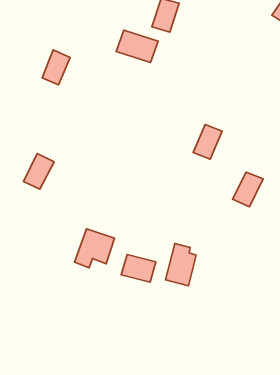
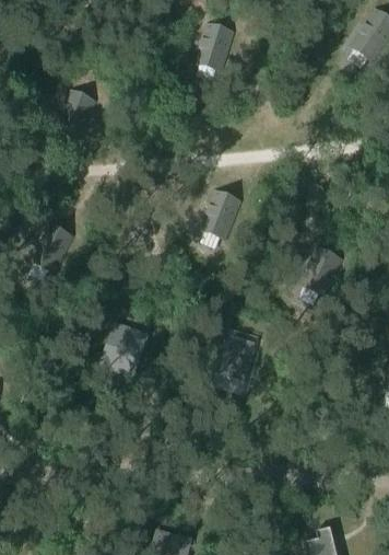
building: [116,30,158,63] -> none
building: [193,125,222,159] -> [201,192,238,236]
building: [121,255,156,282] -> none

